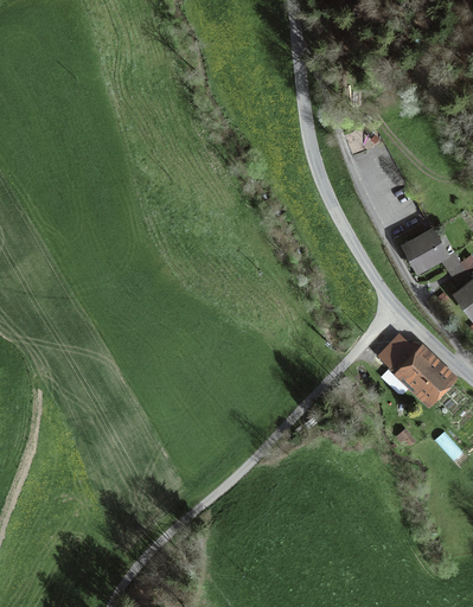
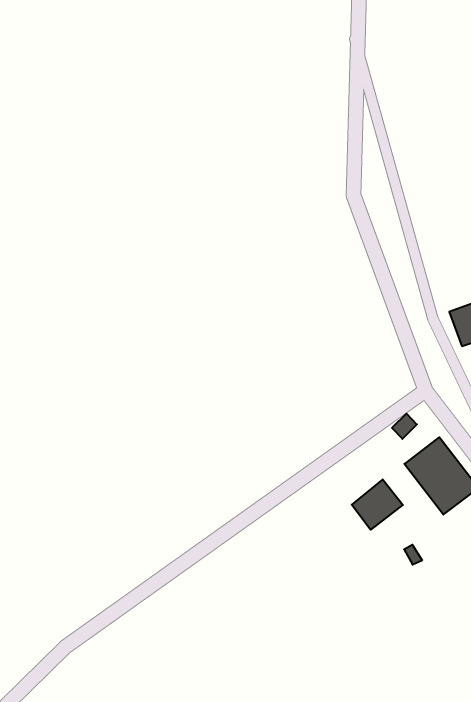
building: none -> [352,479,403,530]

